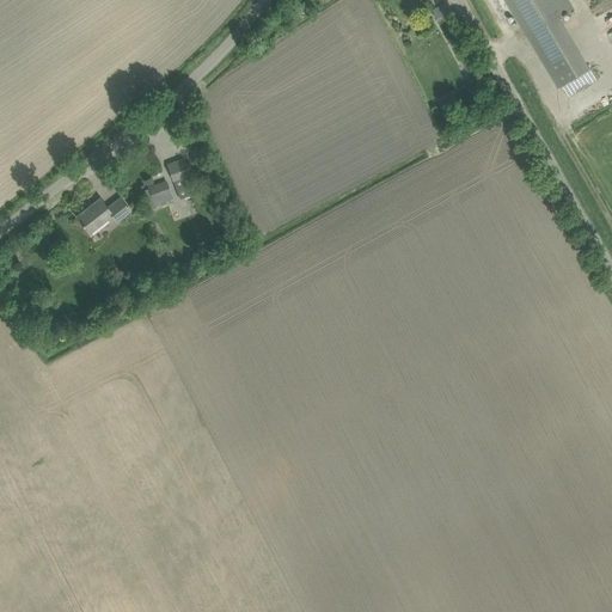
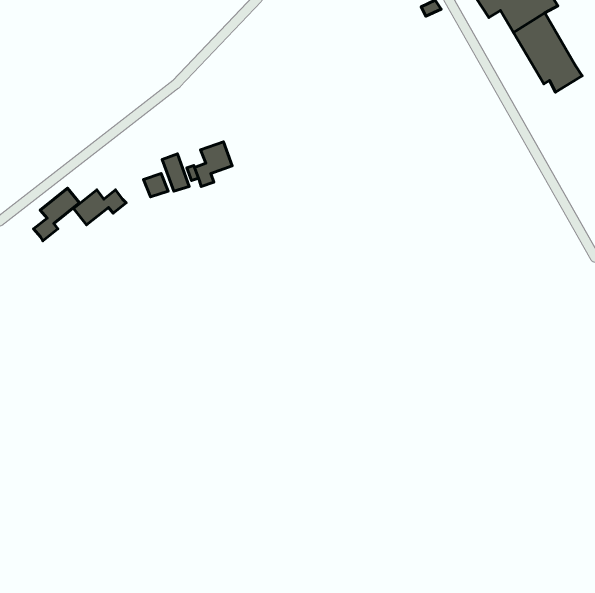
building: none -> [194,142,232,187]
building: none -> [33,188,80,241]

